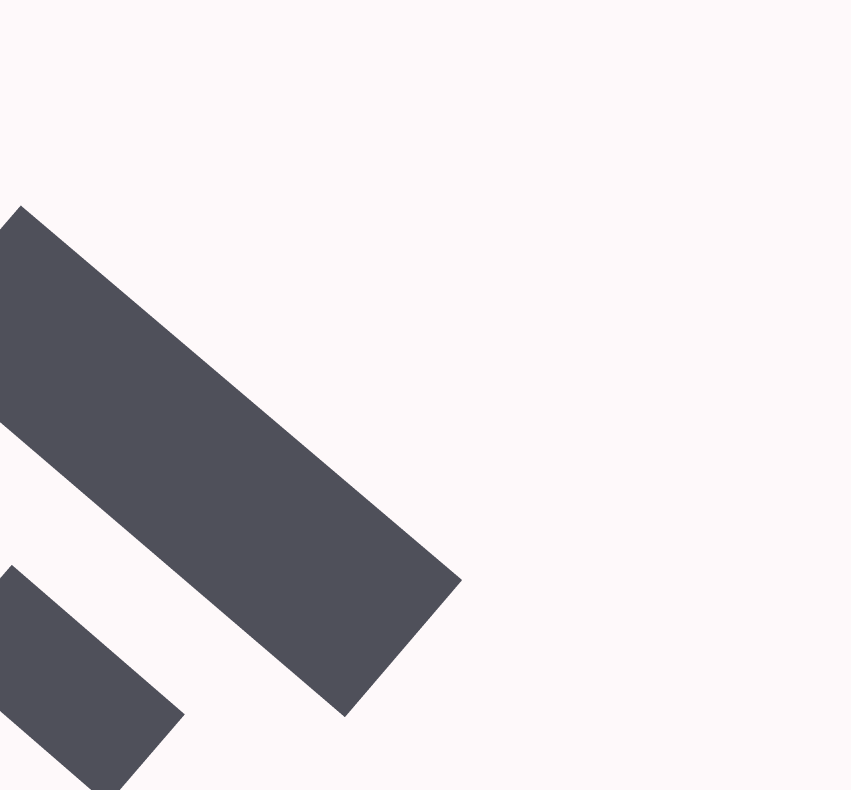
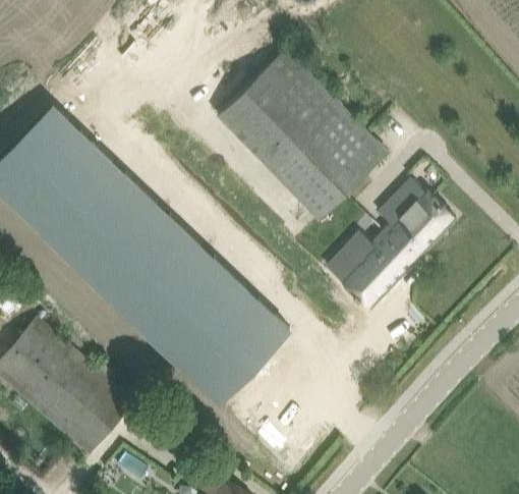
building: none -> [217,45,389,218]
building: none -> [327,178,456,308]

